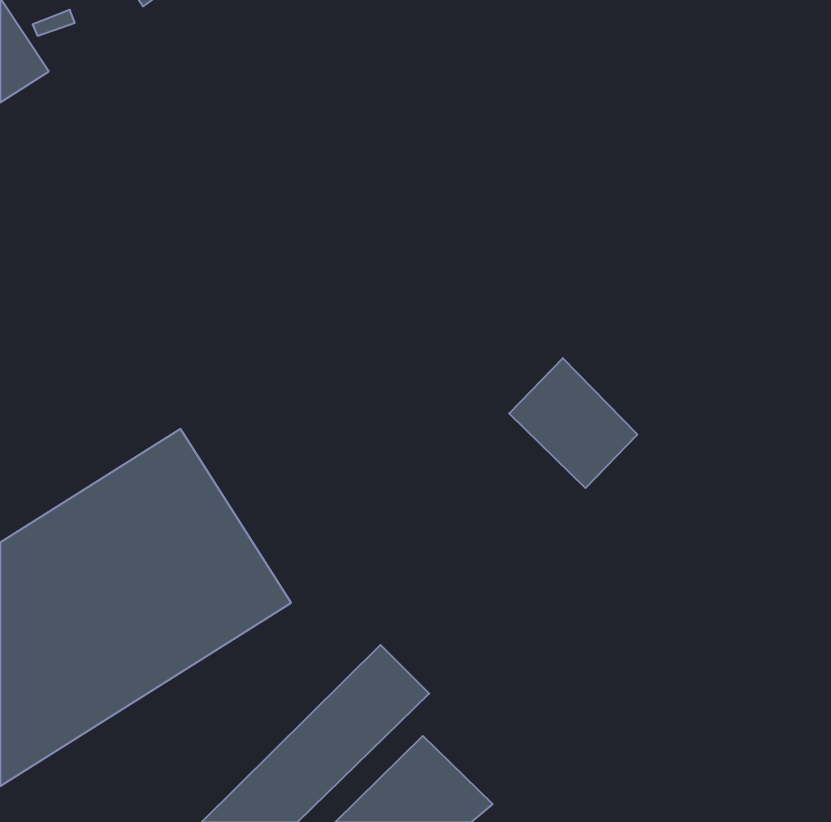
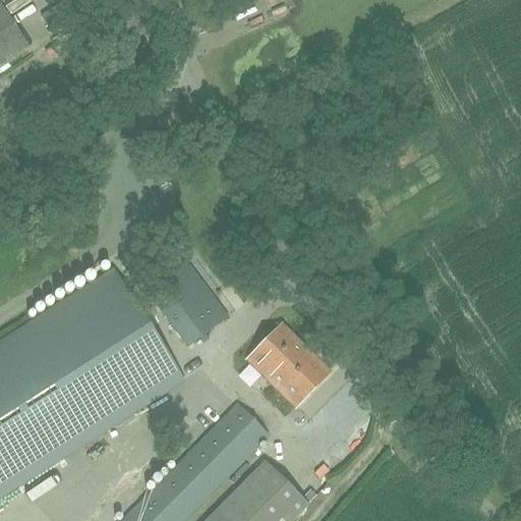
building: [509,358,637,488] -> [248,324,329,405]
building: none -> [151,266,227,345]

